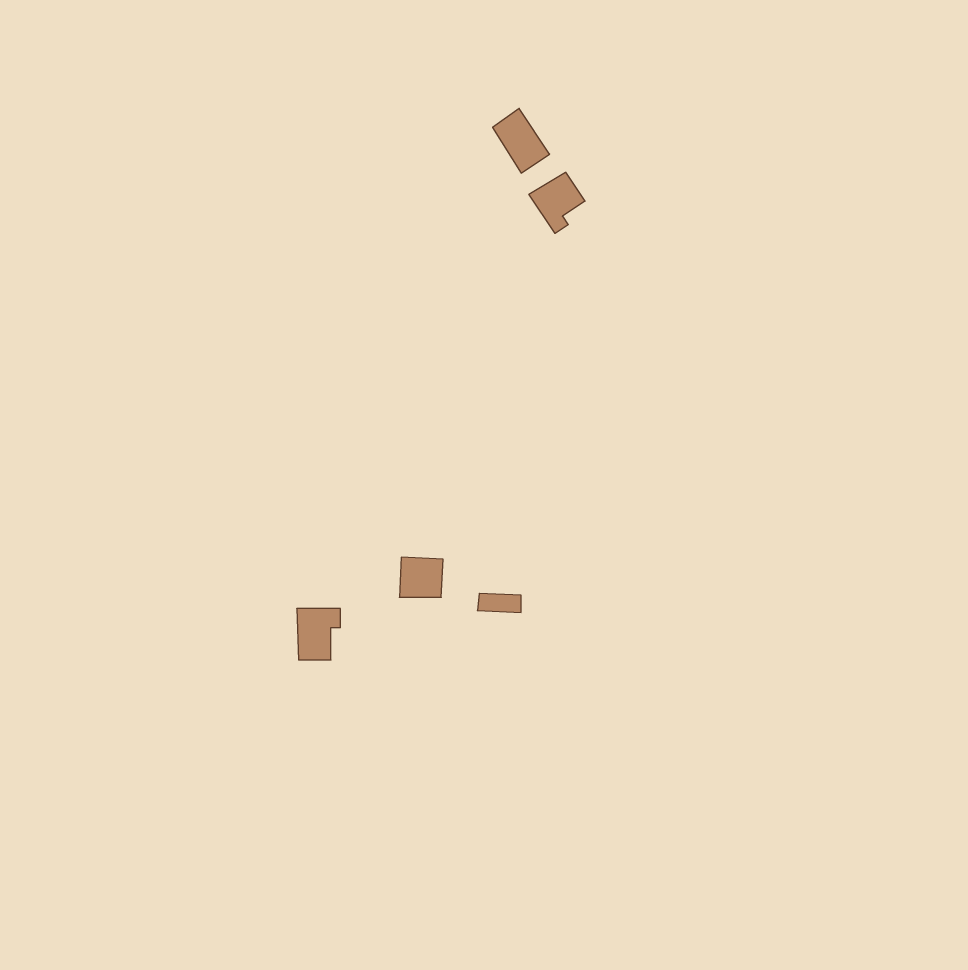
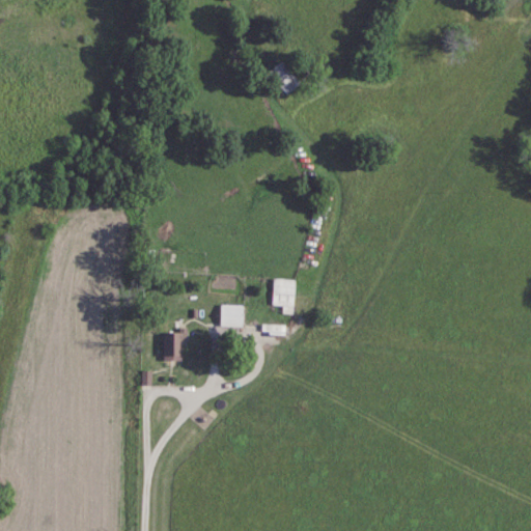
building: [529,172,585,233] -> none
building: none -> [273,279,296,314]

